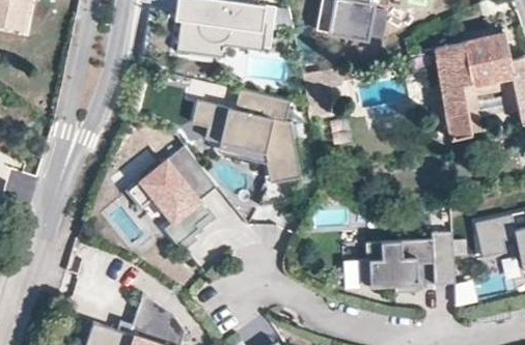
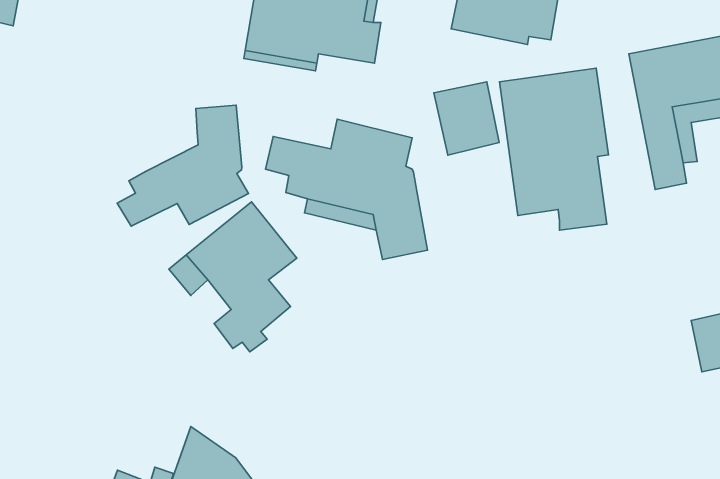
building: none -> [499,68,609,230]
building: none -> [117,105,248,226]
building: [358,233,454,298] -> none

